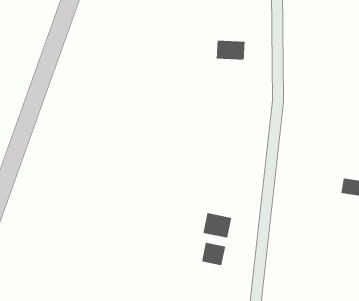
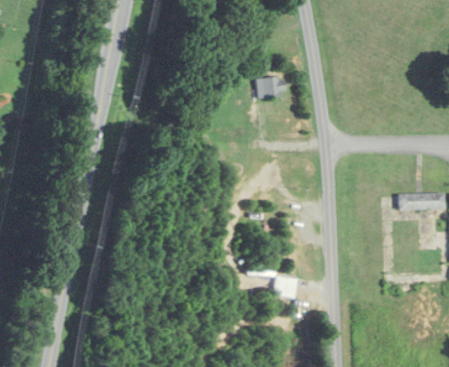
building: [202,212,232,239] -> none

